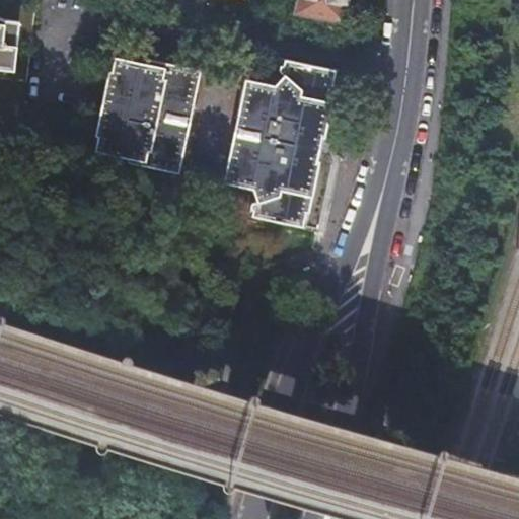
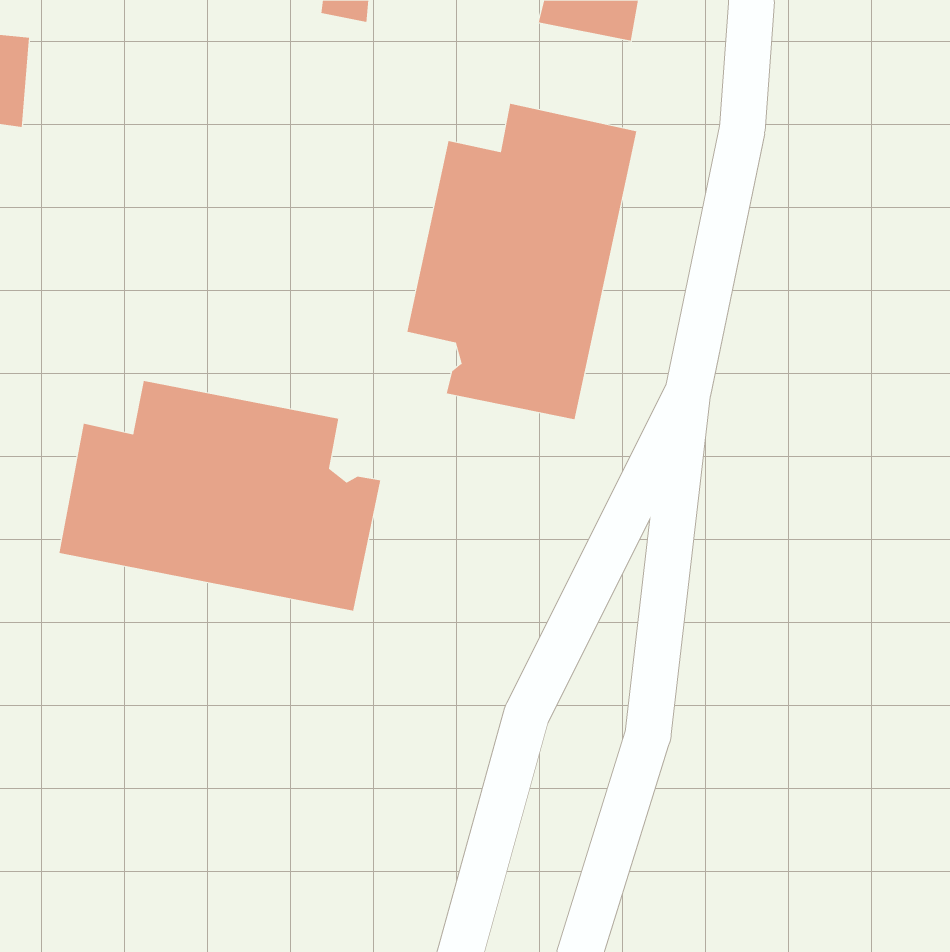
building: [94,56,199,173] -> none
building: none -> [59,380,381,611]

